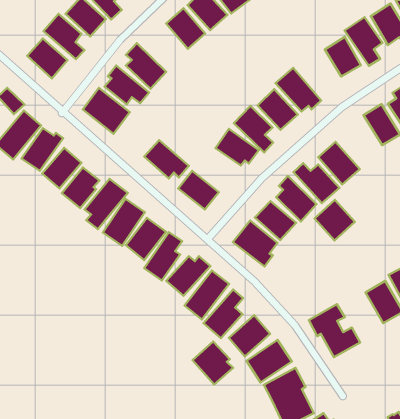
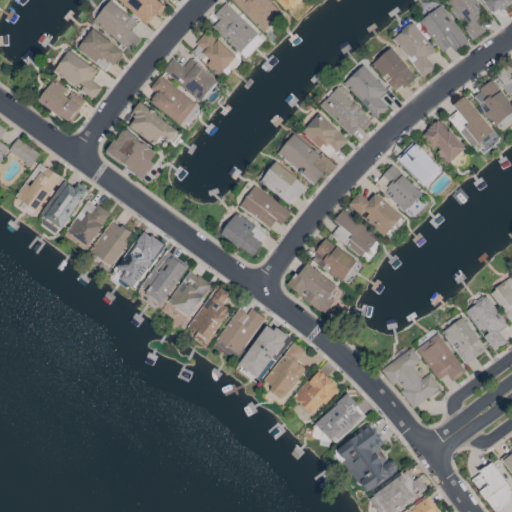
building: none -> [163,59,218,101]
building: none -> [344,65,388,118]
building: none -> [396,141,442,188]
building: [144,140,189,178] -> [240,186,291,228]
building: [315,200,355,241] -> none
building: none -> [418,333,464,381]
building: [192,341,233,384] -> none

